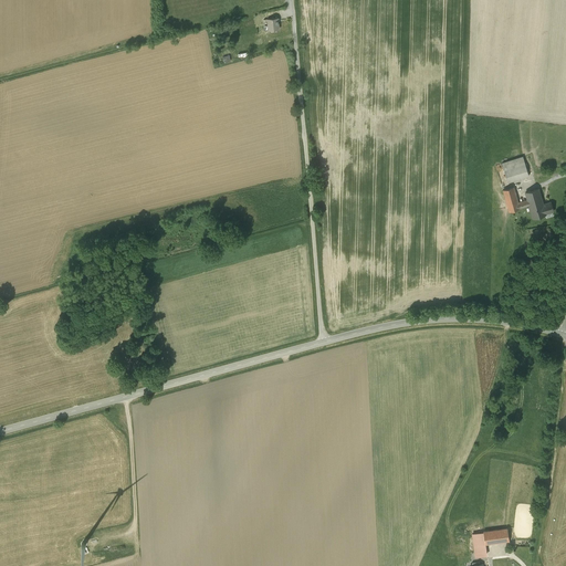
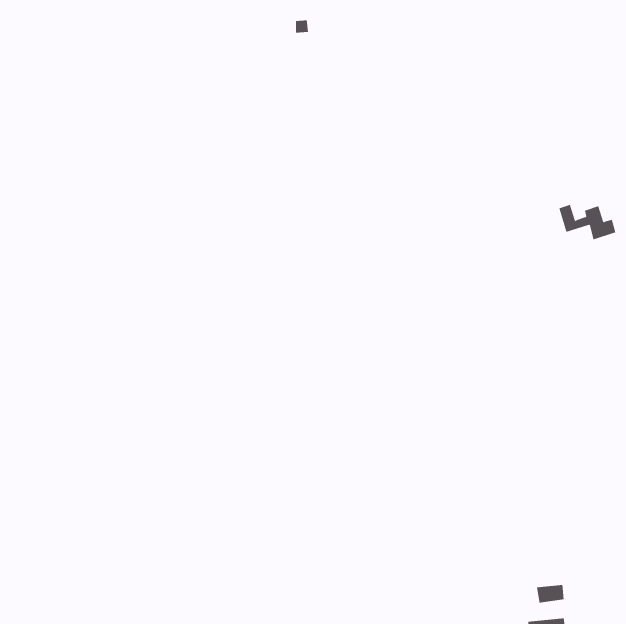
building: [501,158,528,184] -> none

